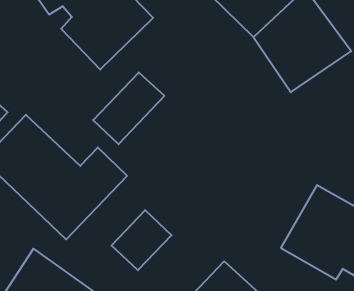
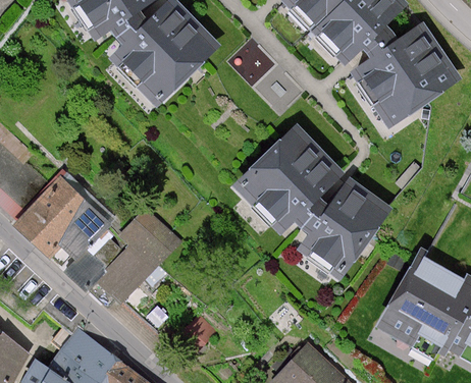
building: [93,72,164,144] -> none
building: none -> [230,123,390,280]
building: [111,210,172,270] -> none

